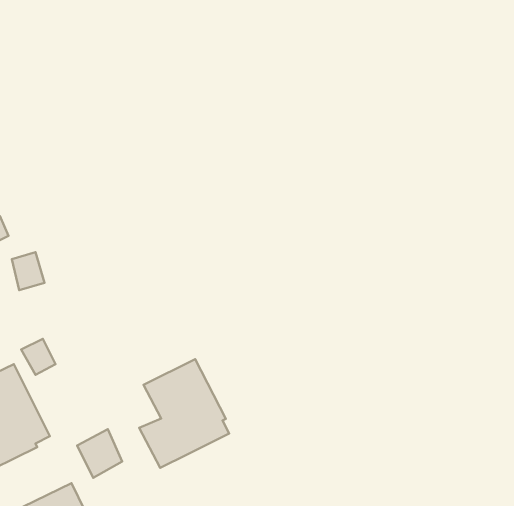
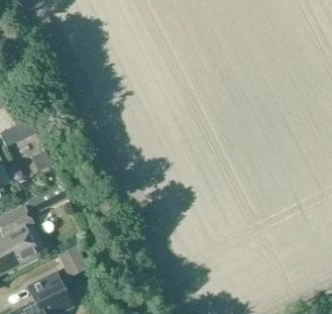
building: [139,359,229,468] -> none

